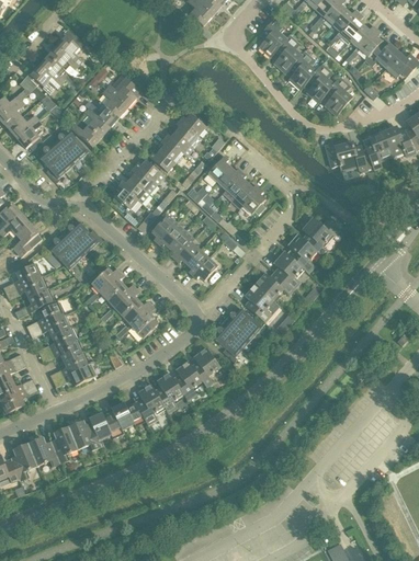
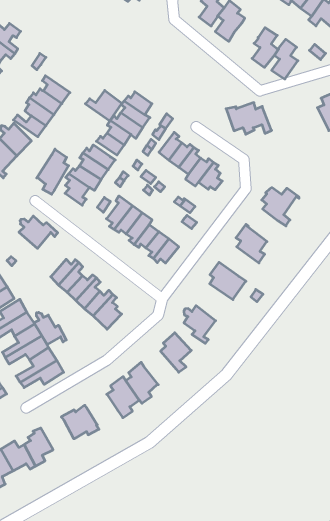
building: [288,49,314,89] -> none
building: [105,77,140,106] -> [85,90,122,121]
building: [325,140,366,171] -> [226,103,272,134]
building: none -> [37,149,69,194]
building: [285,233,316,272] -> none
building: [50,236,81,266] -> none
building: [254,271,293,299] -> none
building: [228,309,259,340] -> none
building: none -> [34,312,66,345]
building: [172,359,203,400] -> none
building: [110,400,143,428] -> none
building: [67,420,101,449] -> none

